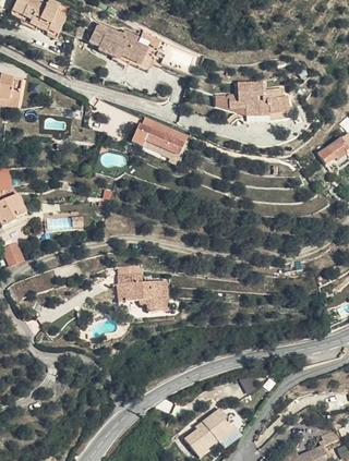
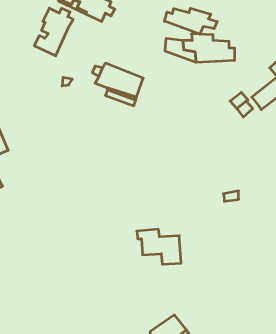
building: none -> [34,8,73,56]
building: none -> [164,8,217,34]
building: [118,270,169,311] -> [137,229,181,264]

